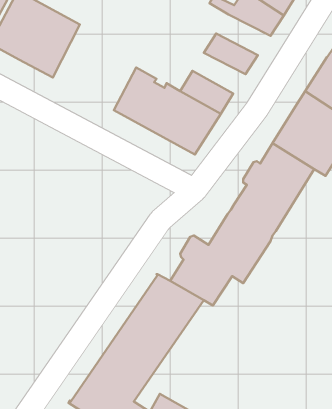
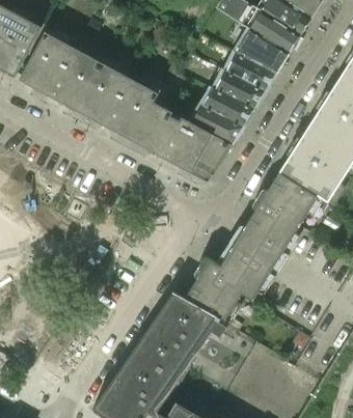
building: none -> [226,54,276,91]
building: none -> [76,63,158,142]
building: none -> [205,89,253,127]

